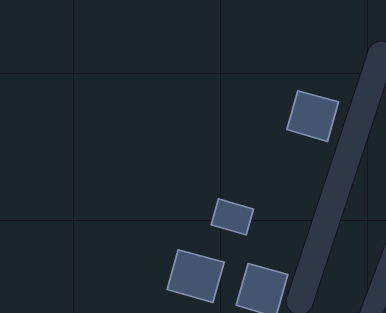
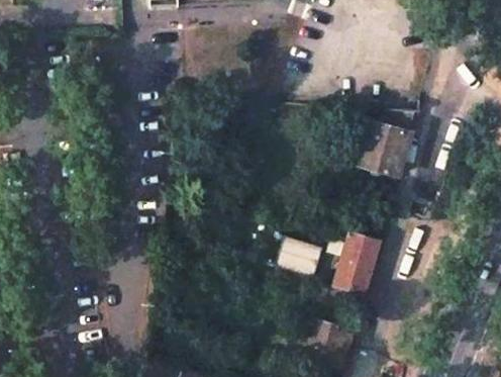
building: none -> [335,230,380,292]
building: [167,250,224,303] -> none

